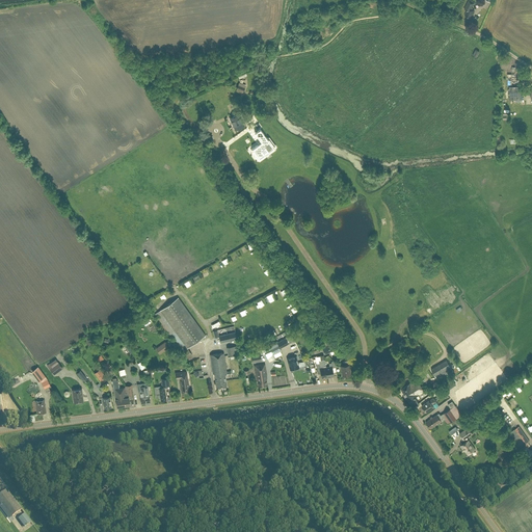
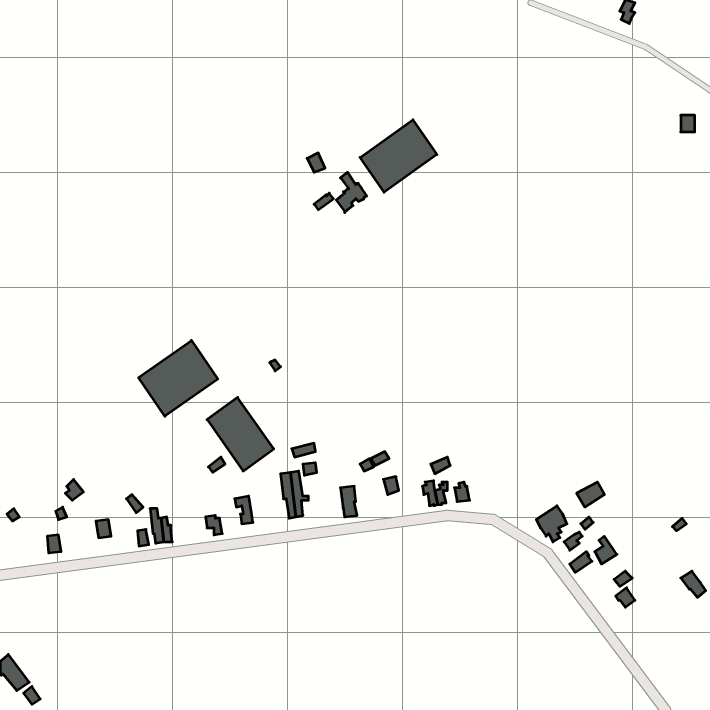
building: none -> [360,120,437,192]
building: none -> [139,340,218,416]

